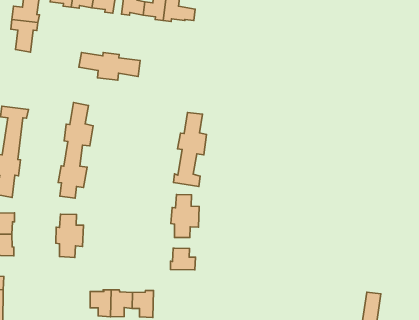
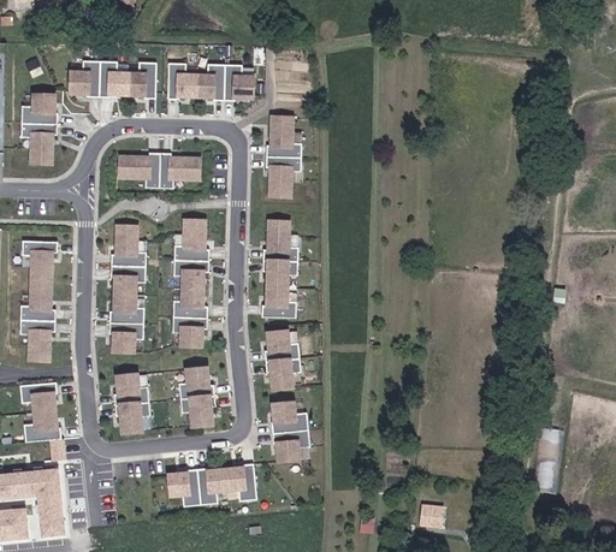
building: none -> [266,114,302,195]
building: none -> [171,219,208,346]
building: none -> [178,367,215,426]
building: none -> [273,428,308,461]

